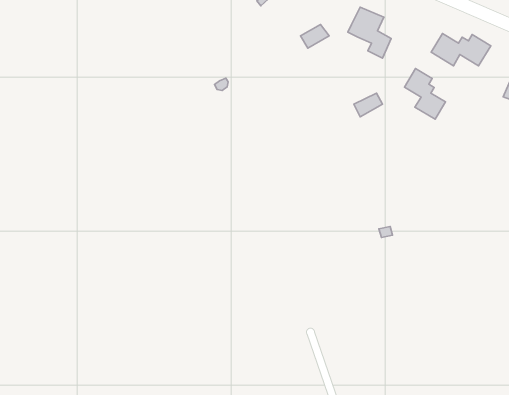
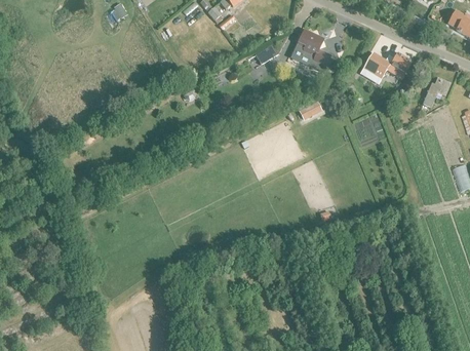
building: [405,68,446,119] -> none

